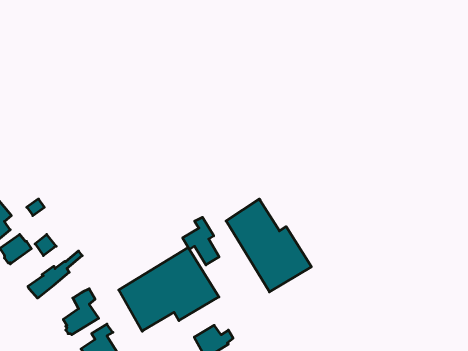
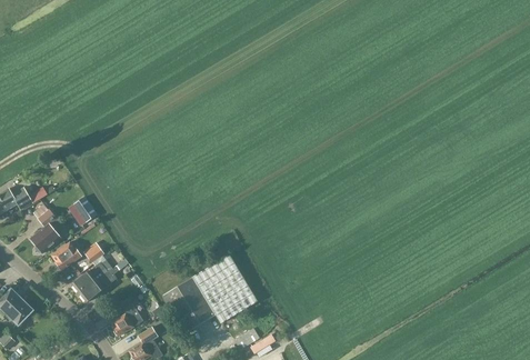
building: [226,199,311,292] -> none
building: [183,217,219,265] -> none
building: none -> [71,254,111,291]

